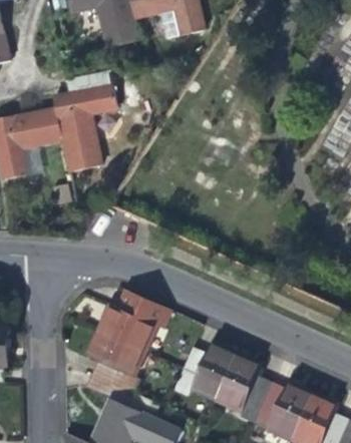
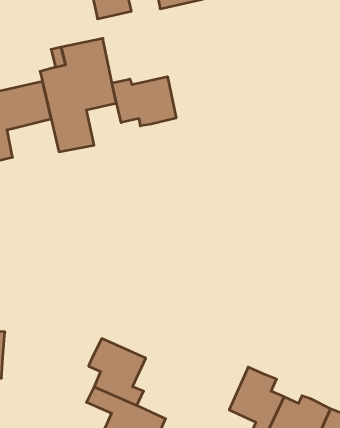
building: none -> [112,77,176,126]
building: [106,298,177,355] -> none
building: [180,351,240,402] -> none

